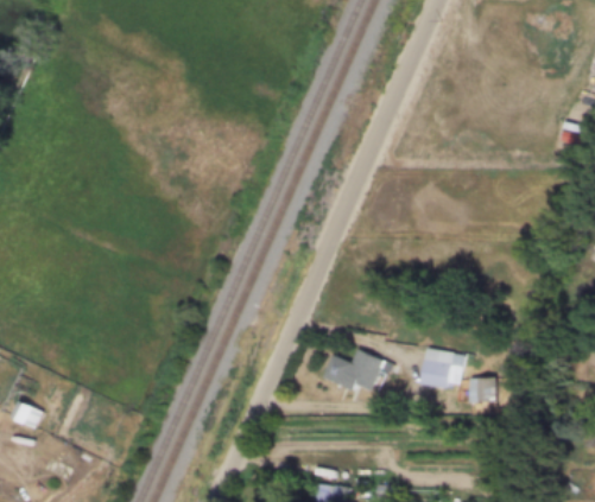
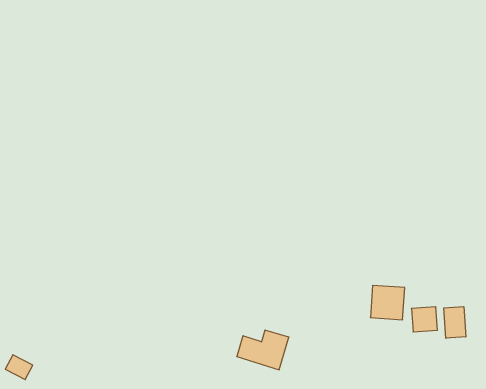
building: [324,350,384,395] -> [237,330,289,370]
building: none -> [444,307,466,338]

